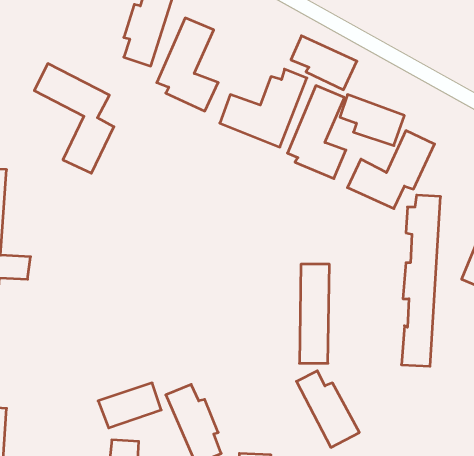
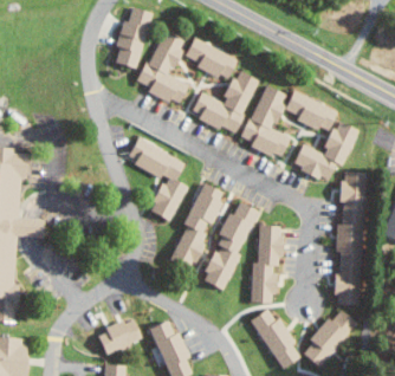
building: [291,36,357,90] -> [186,37,238,79]
building: [34,64,114,173] -> [127,136,189,222]
building: none -> [169,182,224,271]
building: none -> [201,200,259,290]
building: none -> [300,307,360,369]

